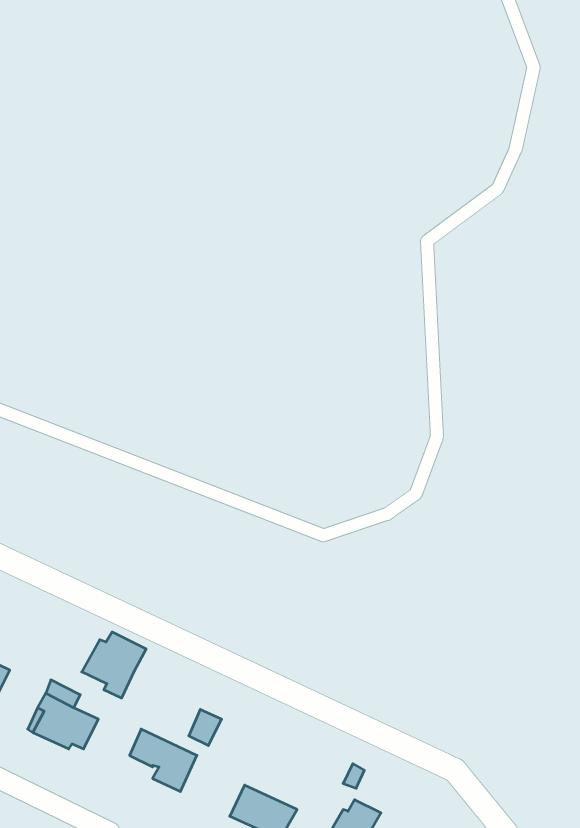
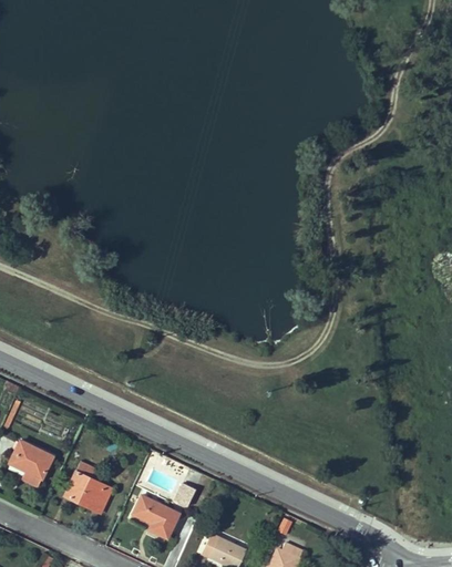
building: [82,632,146,698] -> none

